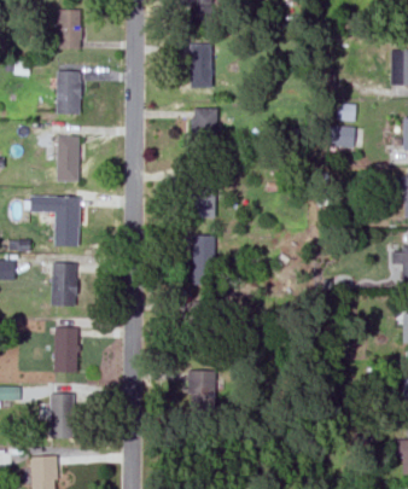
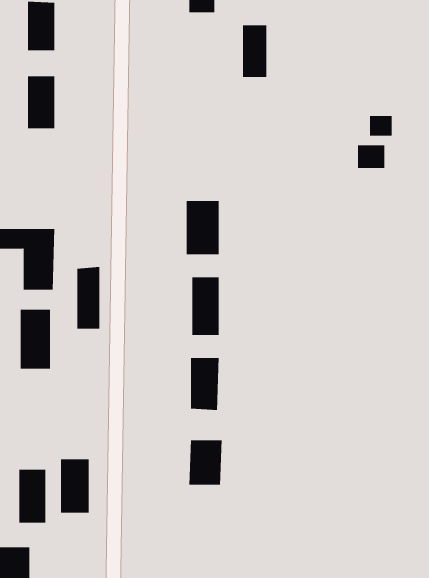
building: [190,43,210,87] -> [242,25,267,78]
building: [190,109,215,146] -> none
building: [57,136,77,180] -> none
building: none -> [77,266,100,329]
building: [53,327,77,372] -> [60,459,90,513]

